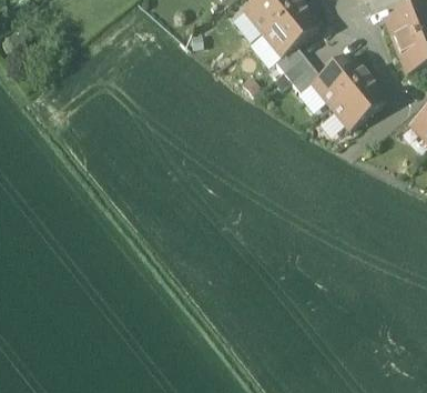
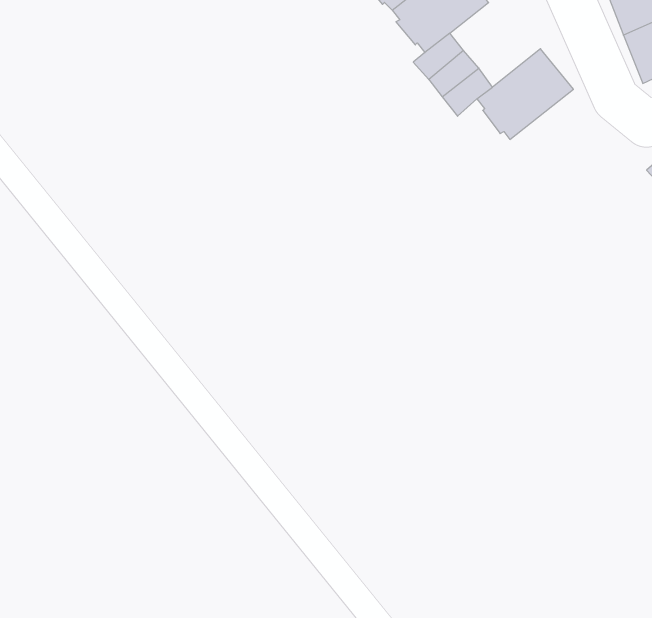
building: [331,75,386,129] -> none

